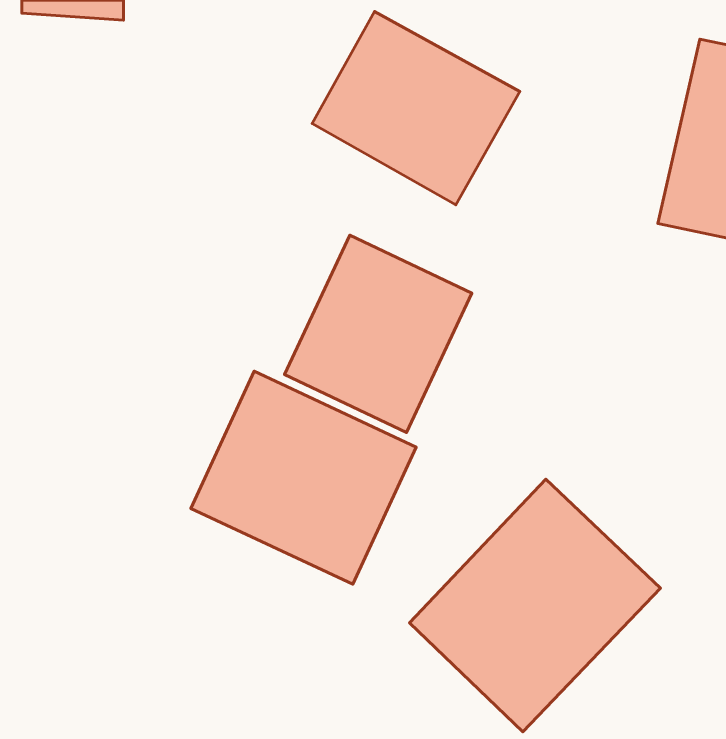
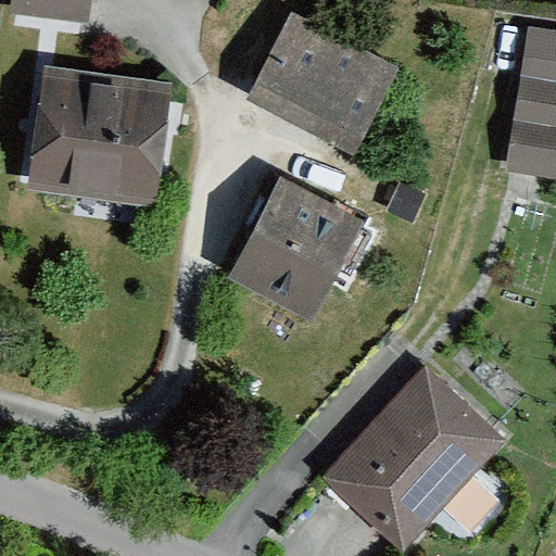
building: none -> [24,67,166,206]
building: [191,371,416,584] -> none

